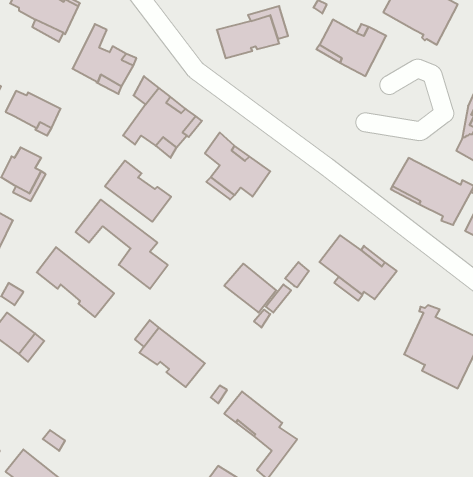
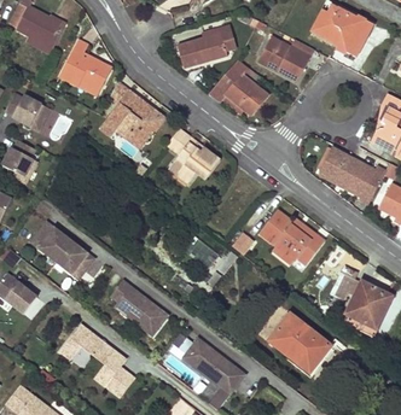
building: none -> [208,58,267,113]
building: [105,161,171,222] -> none
building: [76,200,168,289] -> [58,322,133,394]
building: none -> [269,312,330,370]

